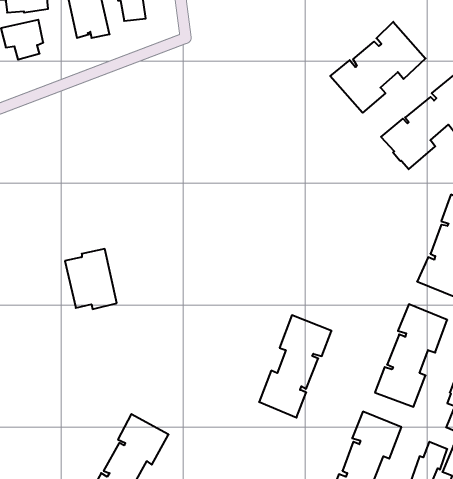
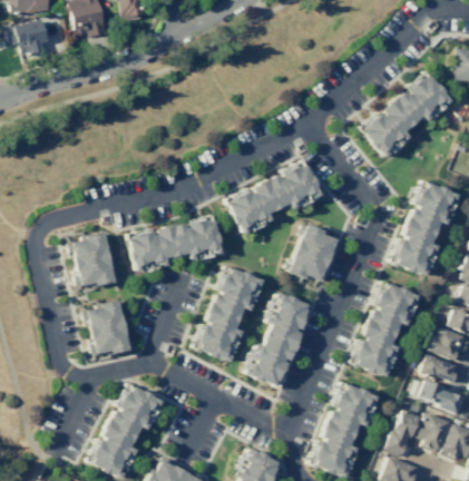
building: [330,22,426,113] -> none
building: none -> [227,161,322,235]
building: none -> [129,215,222,271]
building: none -> [289,223,339,281]
building: none -> [196,267,263,362]
building: none -> [84,301,130,356]

